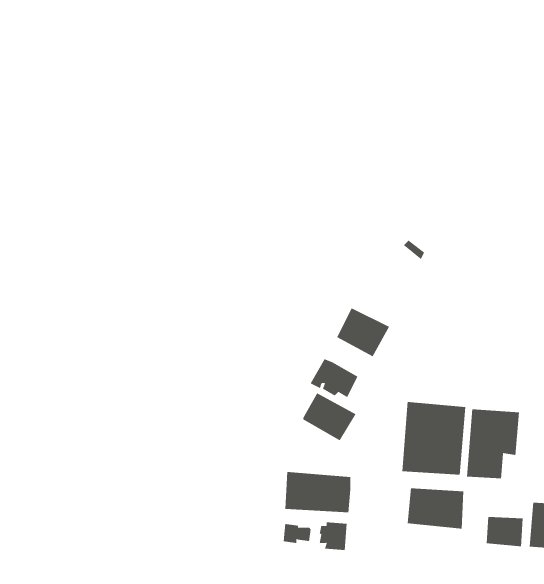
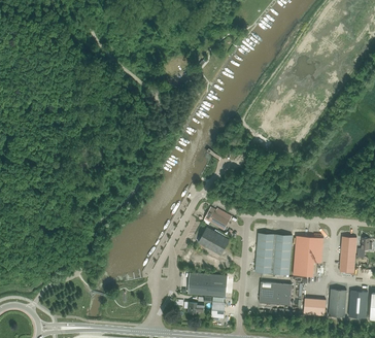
building: [336,307,390,357] -> none

